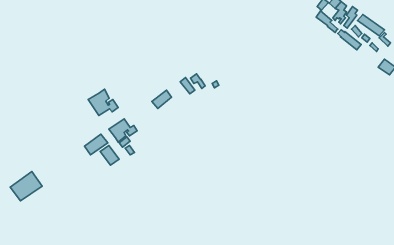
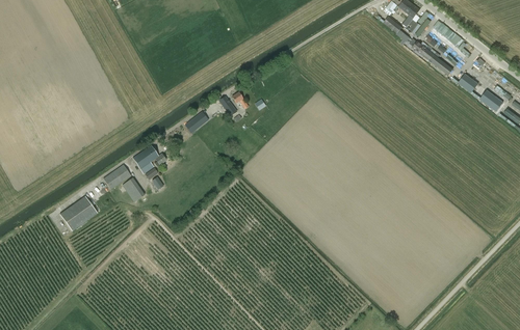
building: [88,89,118,115] -> none
building: [10,172,42,201] -> [59,195,98,230]

